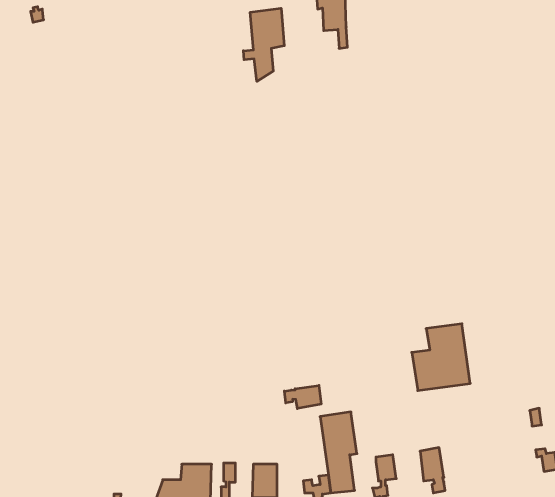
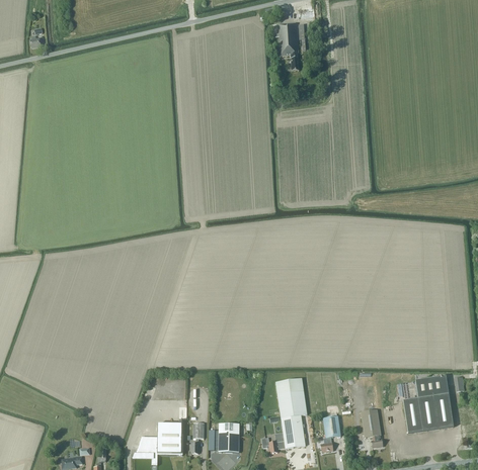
building: [243,8,284,81] -> none
building: [412,324,470,391] -> [403,376,453,433]
building: [284,385,321,409] -> none

